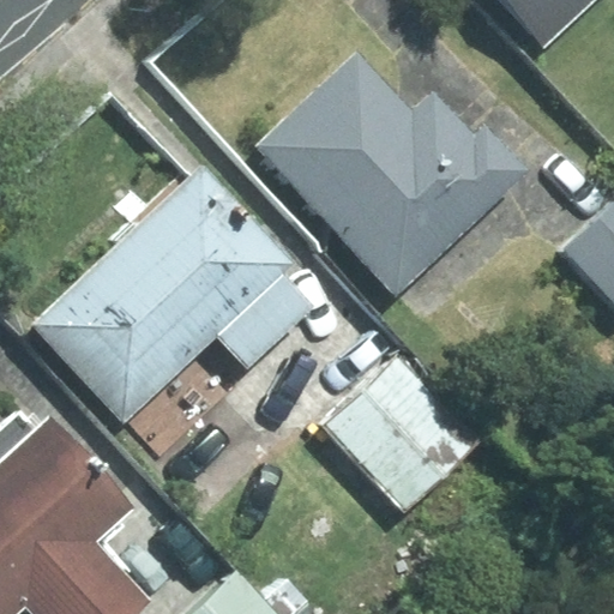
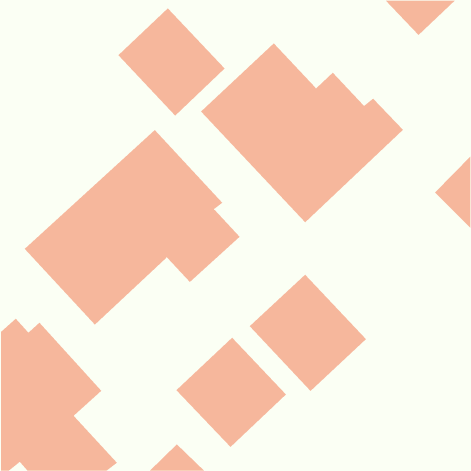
building: none -> [118,7,226,116]
building: none -> [175,337,287,448]

